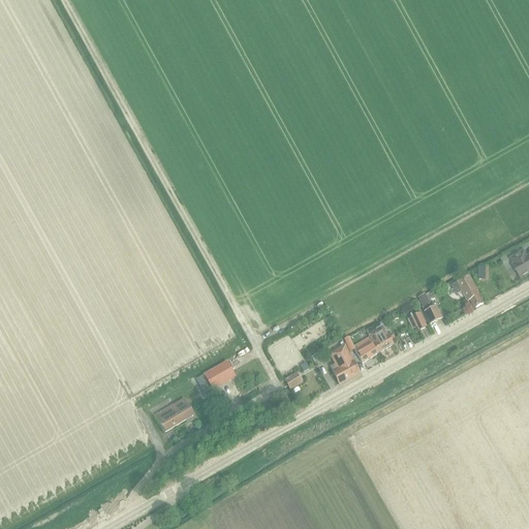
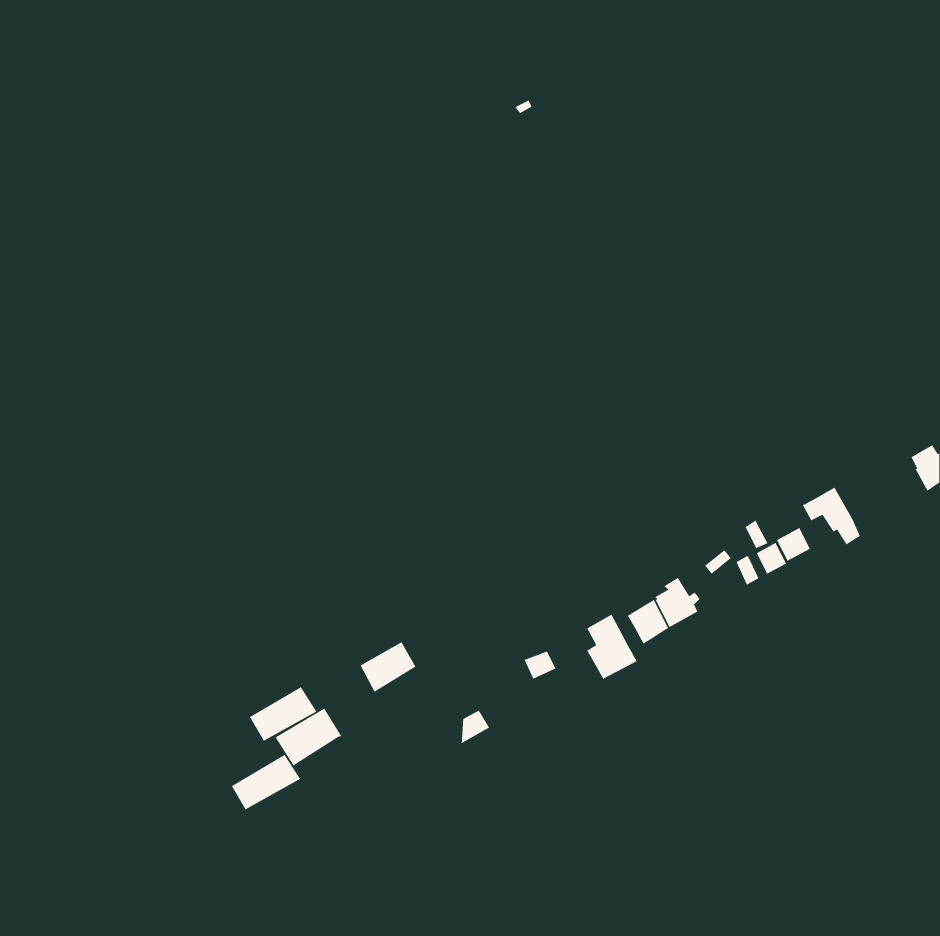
building: none -> [249,686,317,742]
building: none -> [231,754,301,810]

